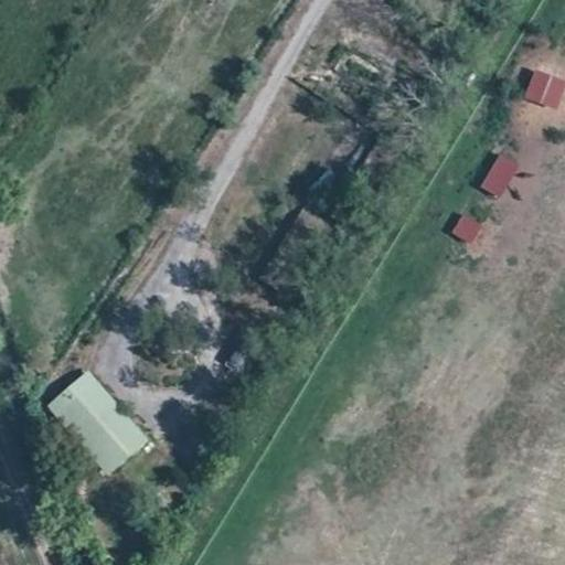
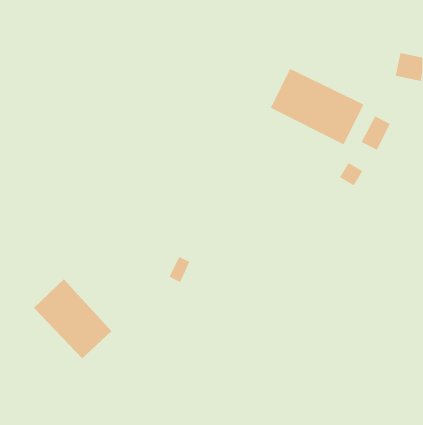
building: none -> [270,68,364,145]

